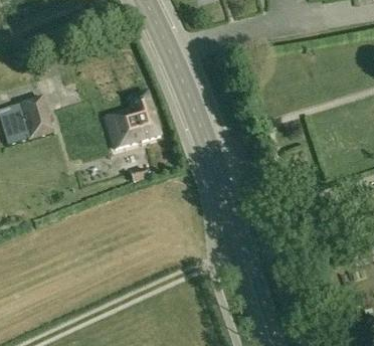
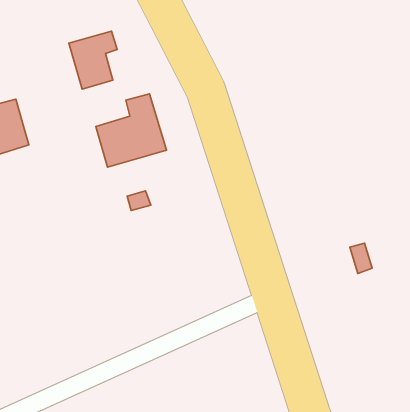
building: none -> [69,31,117,89]

